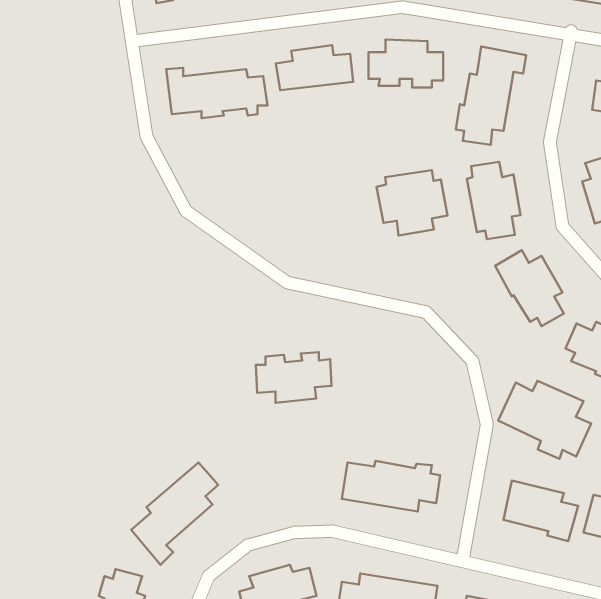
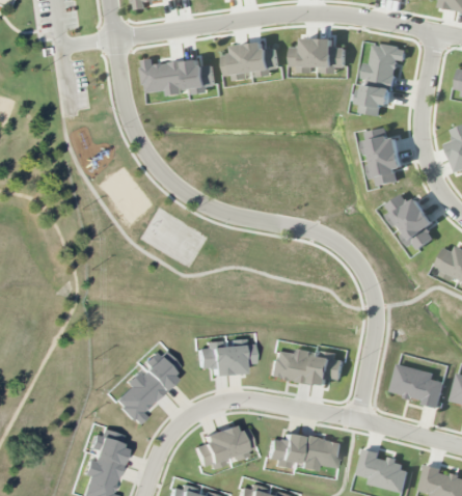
building: [377,170,448,235] -> none
building: [256,352,332,403] -> [197,338,253,376]
building: [498,381,591,459] -> none

